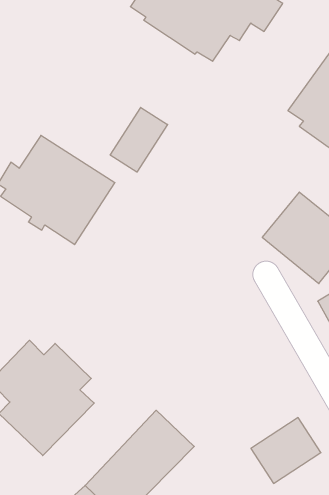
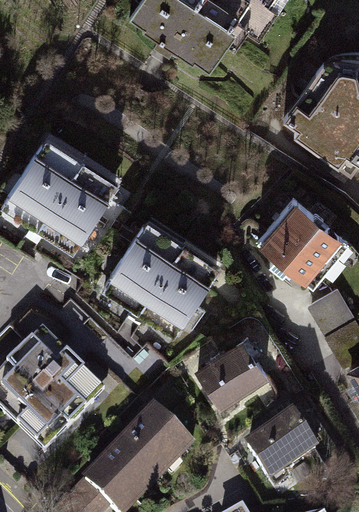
building: [110,107,168,172] -> none
building: none -> [105,224,216,330]
building: none -> [193,339,269,411]

